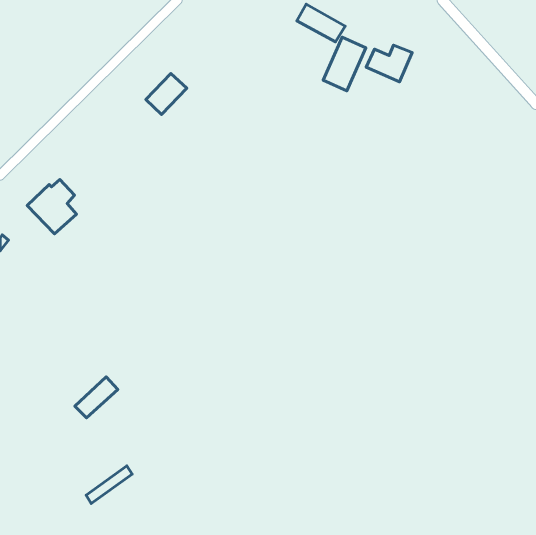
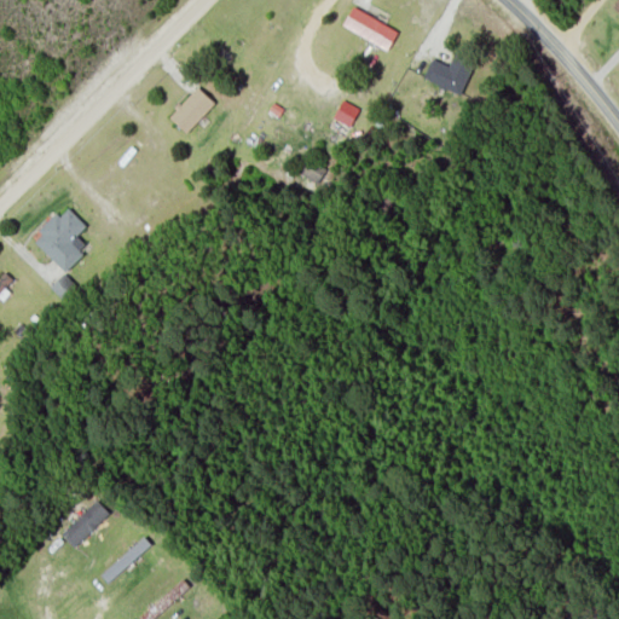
building: [323,37,366,91] -> none
building: [75,377,118,418] -> [60,499,110,546]

